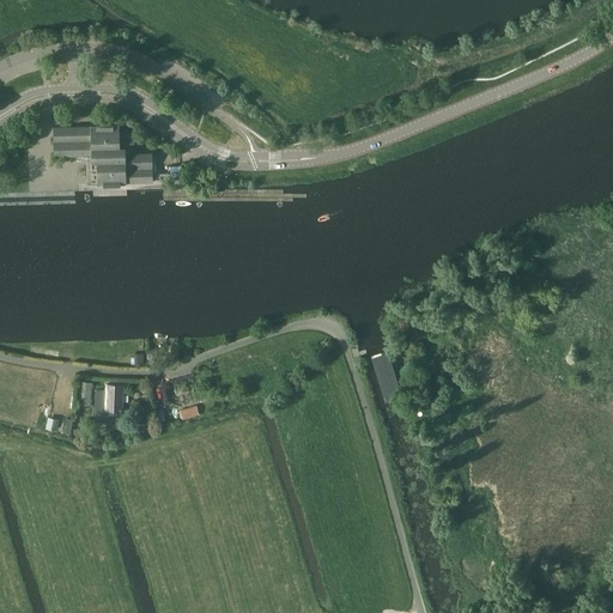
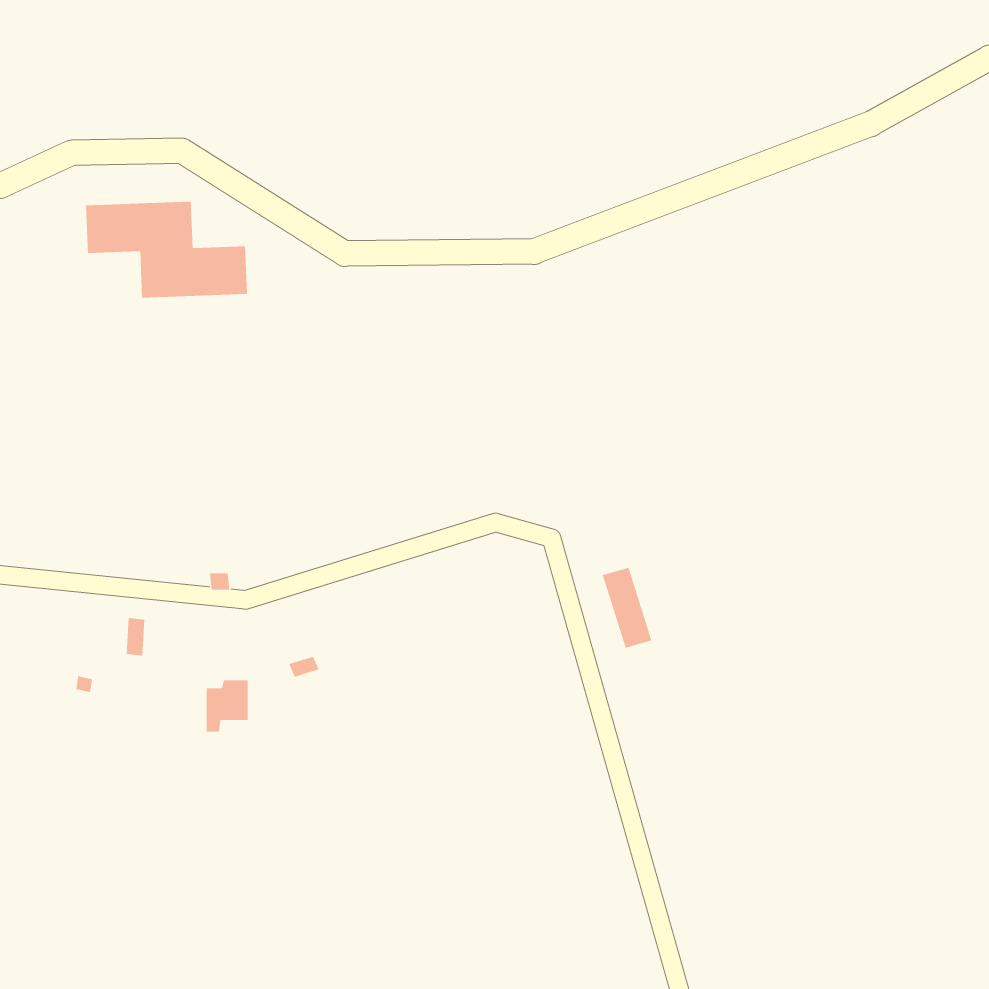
building: [96,384,122,417] -> [206,680,248,732]

